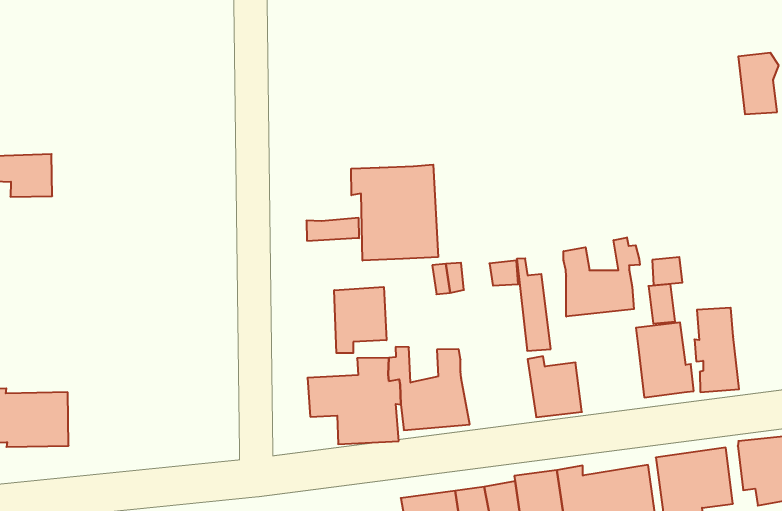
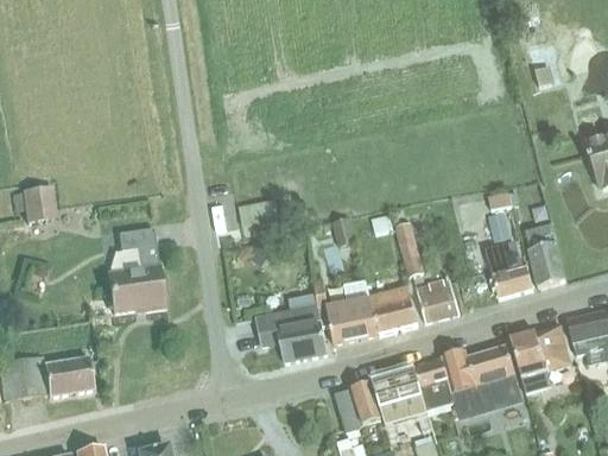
building: [351,165,438,261] -> none
building: none -> [108,227,165,311]
building: [564,237,640,317] -> none
building: [334,287,386,353] -> none
building: none -> [365,287,413,334]

